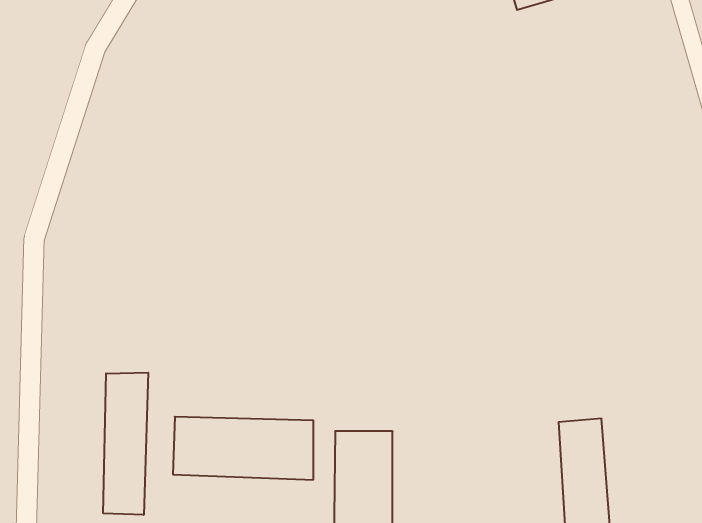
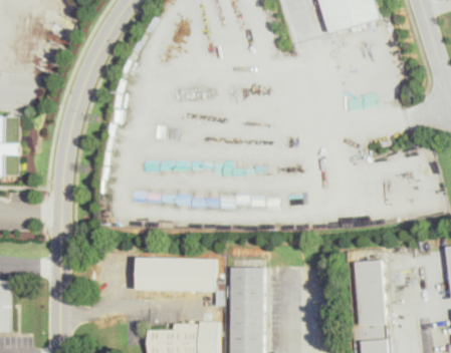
building: [103,373,148,515] -> none

